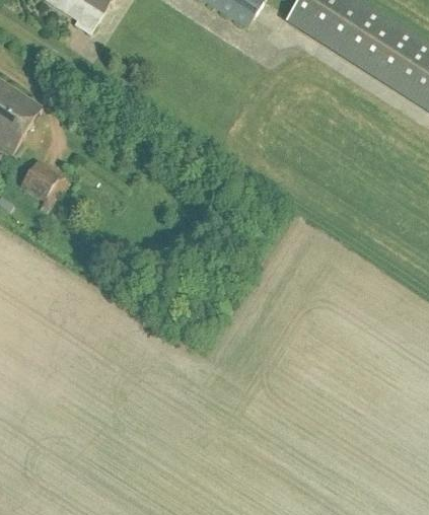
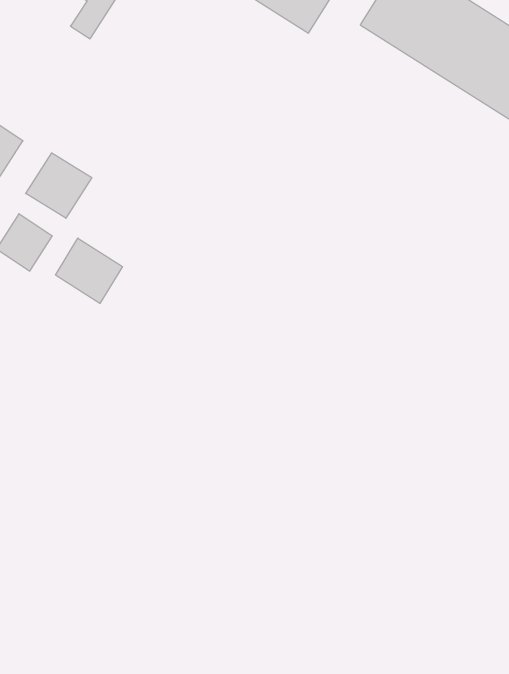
building: none -> [26,153,92,218]
building: none -> [56,238,122,303]

